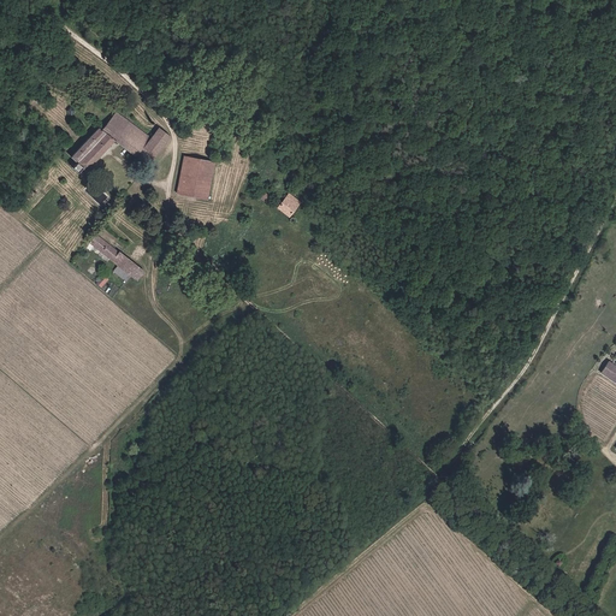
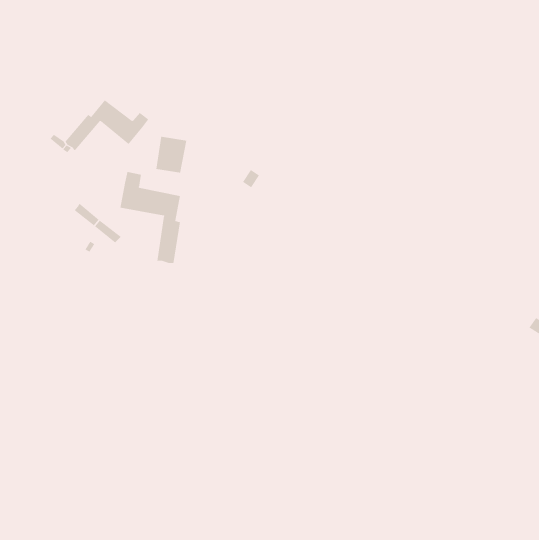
building: none -> [120,171,181,264]

